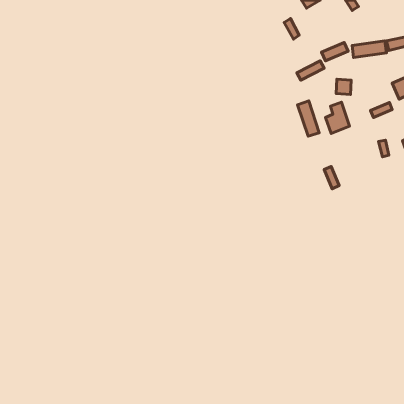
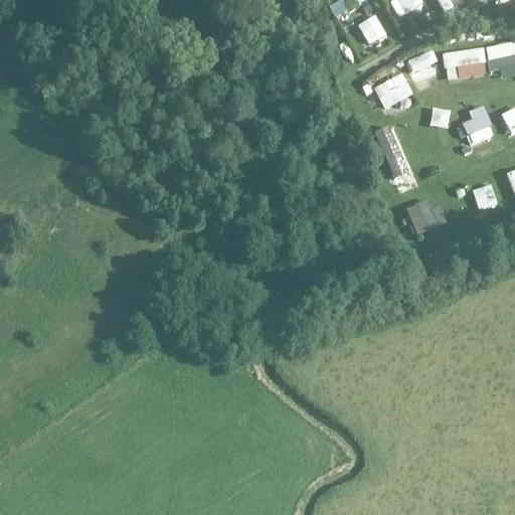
building: [326,102,350,133] -> [461,103,491,142]

